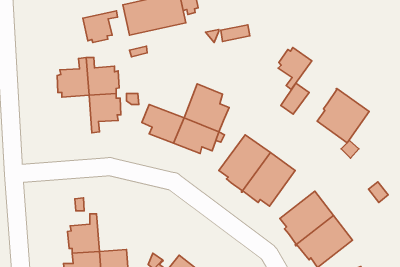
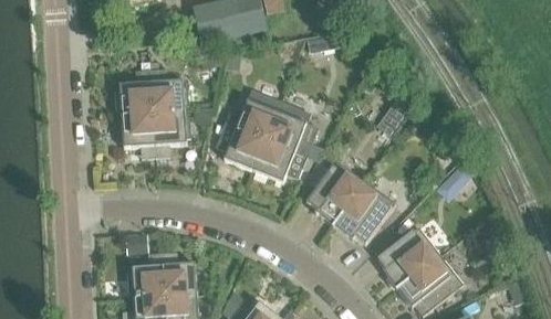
building: [83,11,118,43] -> none
building: [278,47,312,89] -> none
building: none -> [223,89,280,140]
building: [317,88,369,143] -> none
building: none -> [117,114,156,158]
building: none -> [162,252,197,297]

